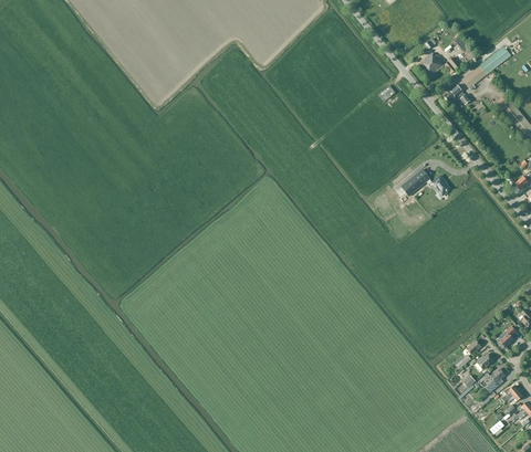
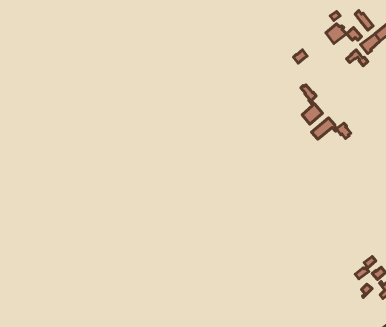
building: none -> [301,85,323,124]

